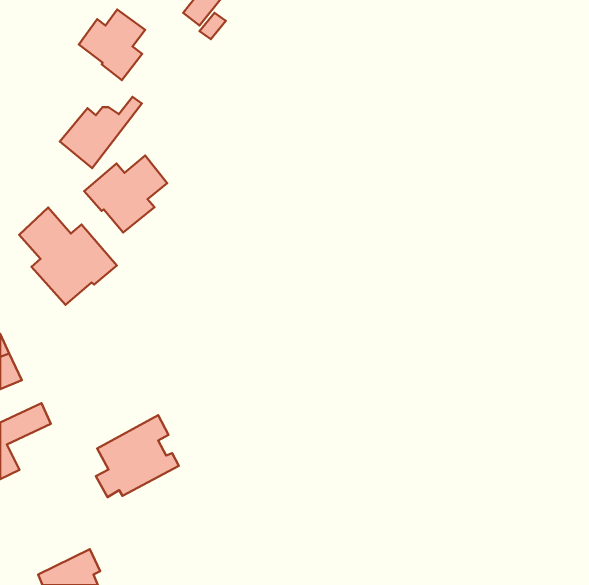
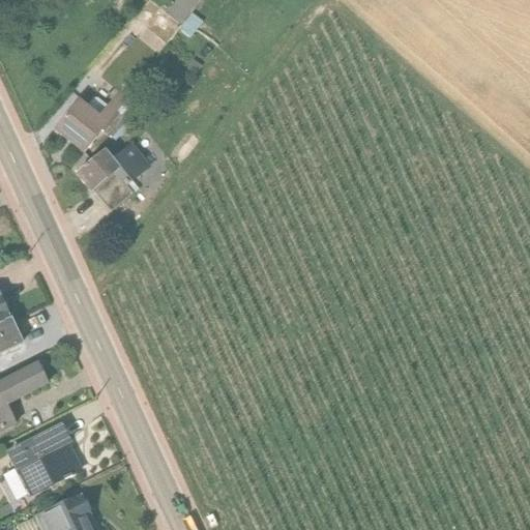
building: [79,10,145,80] -> none
building: [19,208,117,305] -> none
building: [96,415,179,497] -> [5,422,80,496]

